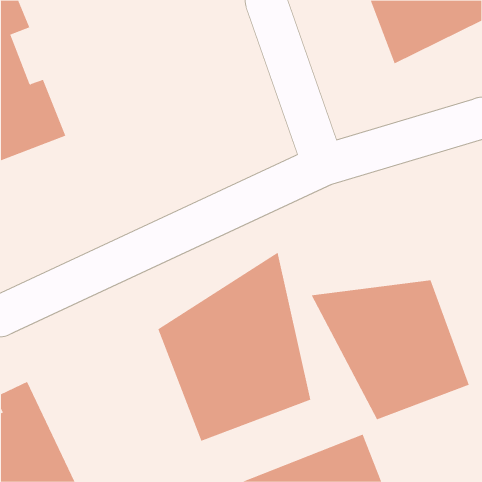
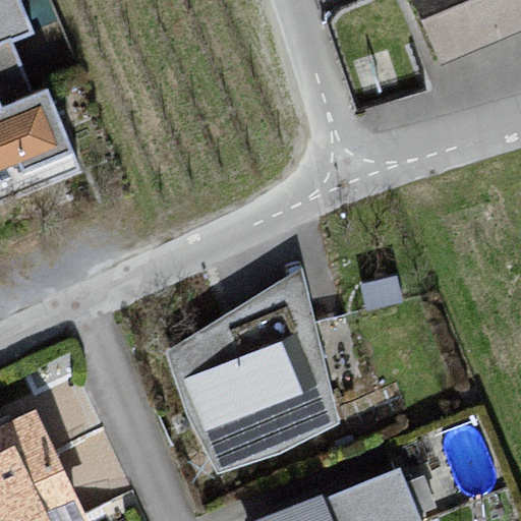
building: [311,280,470,420] -> none

